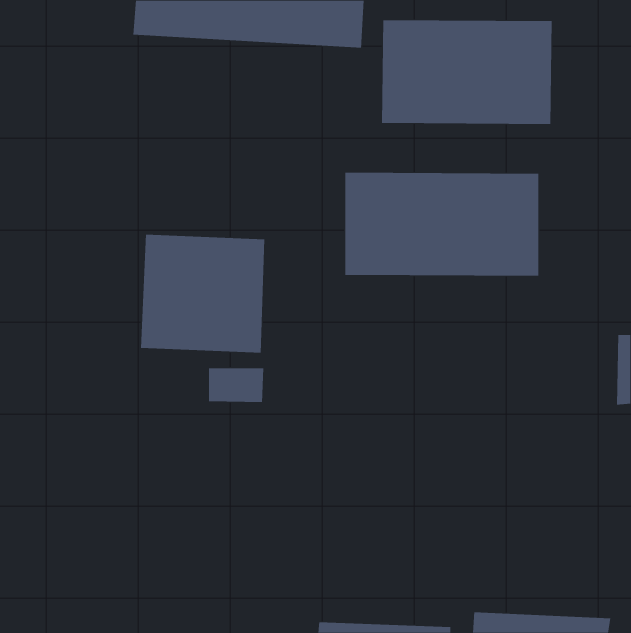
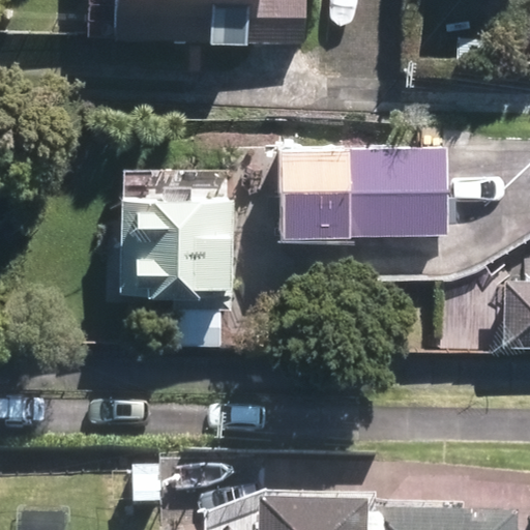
building: [382,19,552,125] -> none

